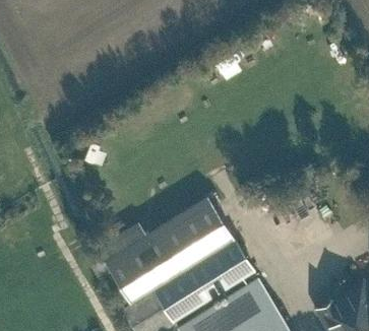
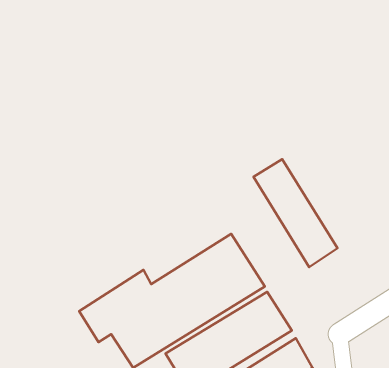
building: none -> [253,159,337,267]

